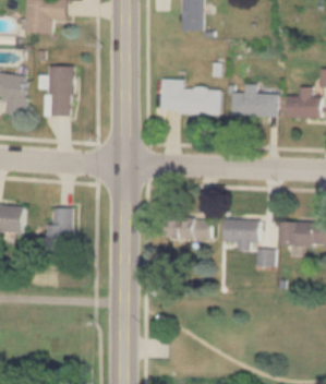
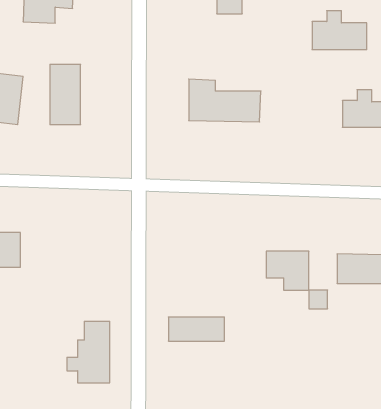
building: [231,84,276,116] -> [312,11,367,50]
building: [38,207,73,257] -> [67,321,110,383]
building: [166,218,212,238] -> [168,317,224,341]

